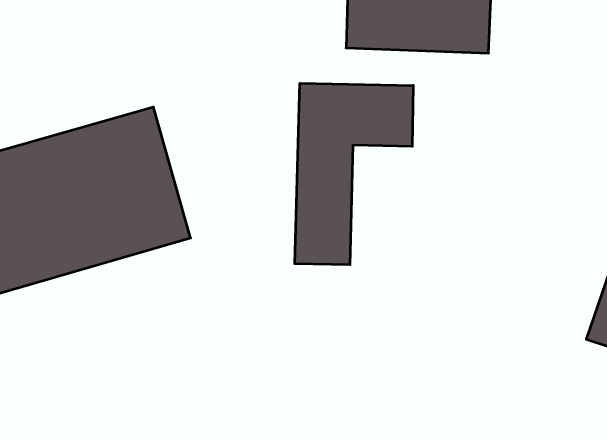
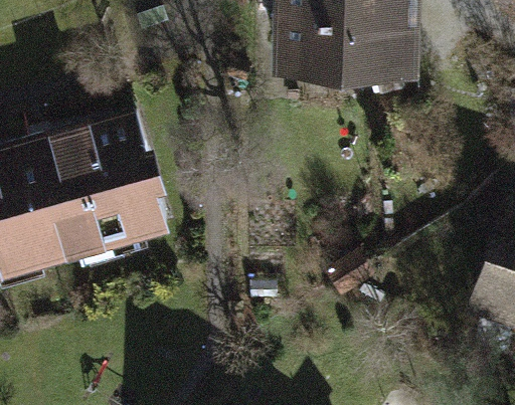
building: [295,83,413,265] -> none

